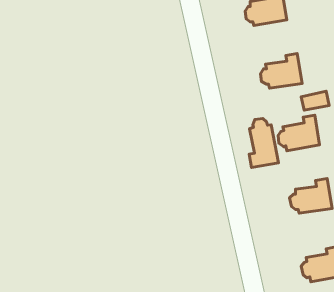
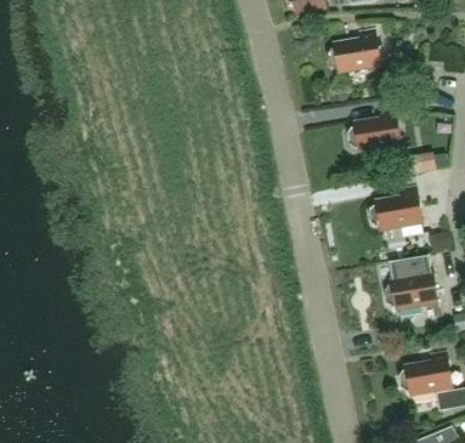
building: [249,119,278,168] -> none

